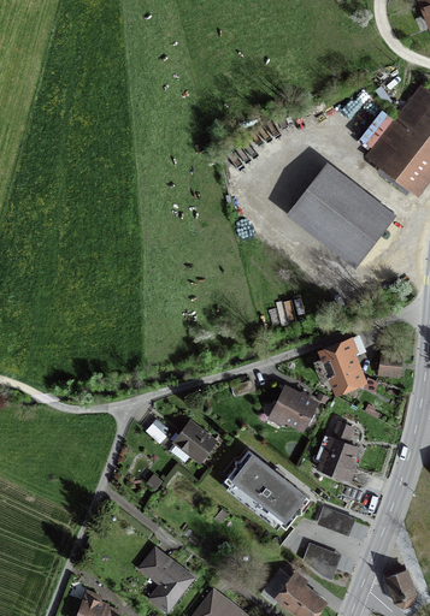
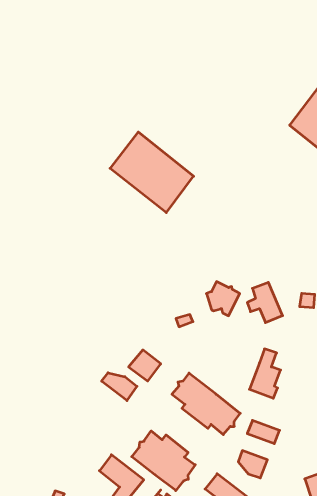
building: [291,167,391,263] -> [110,132,194,213]
building: [275,389,314,430] -> [206,282,240,316]
building: none -> [102,373,137,401]
building: none -> [132,431,195,491]

